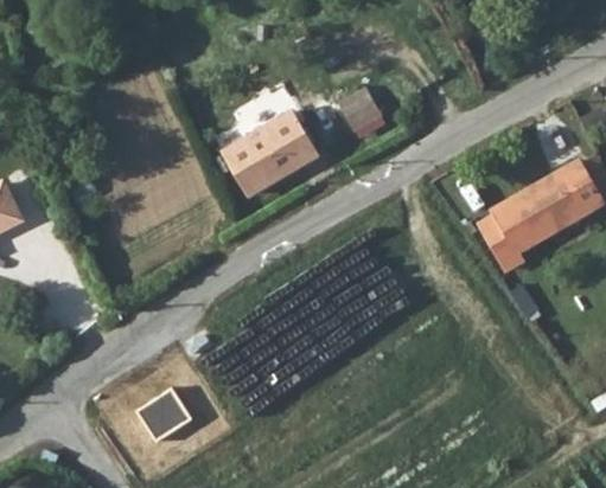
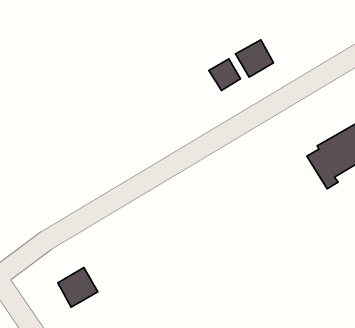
building: none -> [235,40,274,77]
building: [223,114,319,194] -> none

